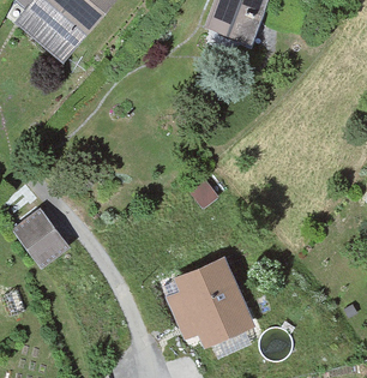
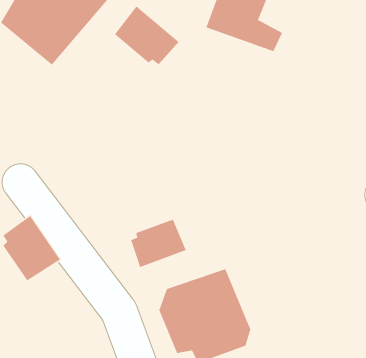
building: none -> [114,5,180,65]
building: none -> [130,219,186,268]

